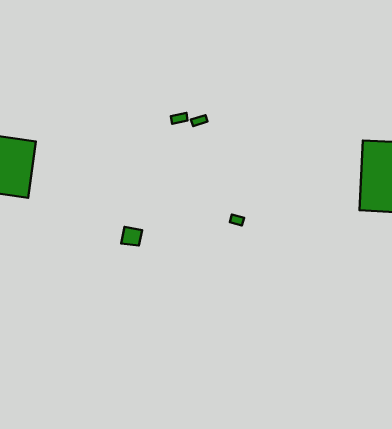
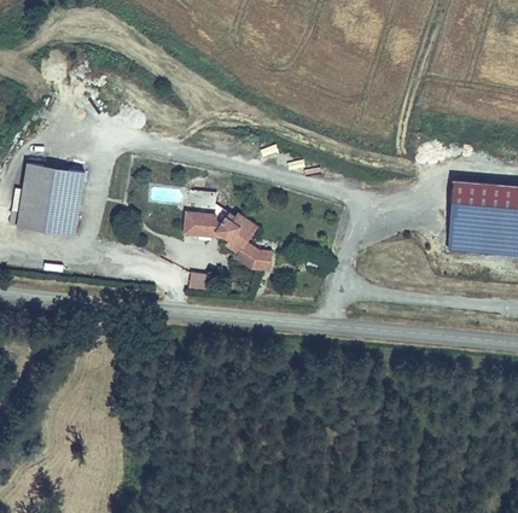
building: none -> [185,200,273,273]

